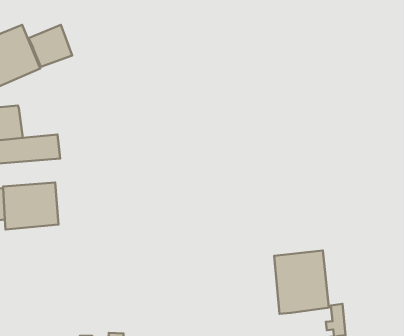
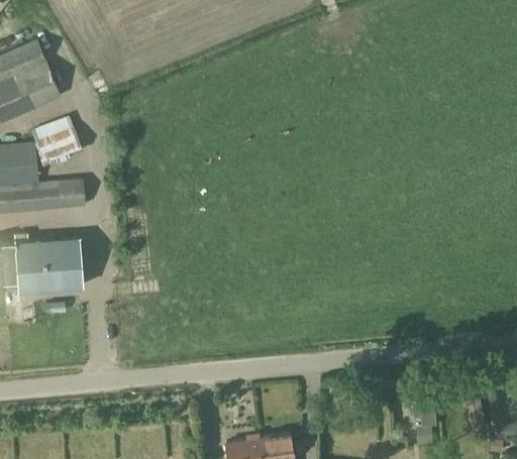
building: [29,25,72,67] -> [28,115,82,166]
building: [274,251,329,314] -> none

